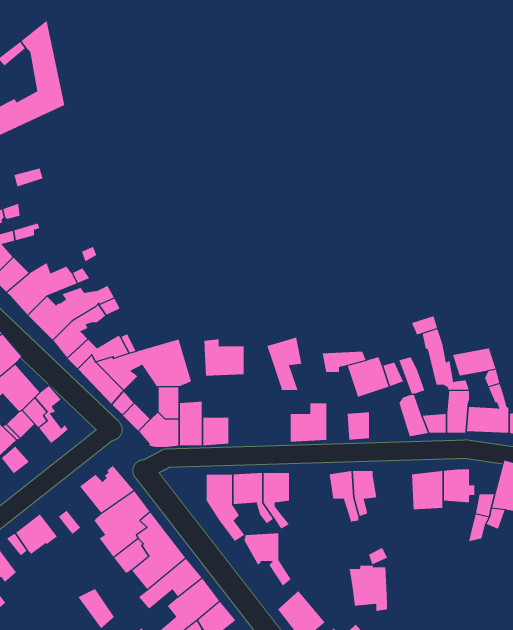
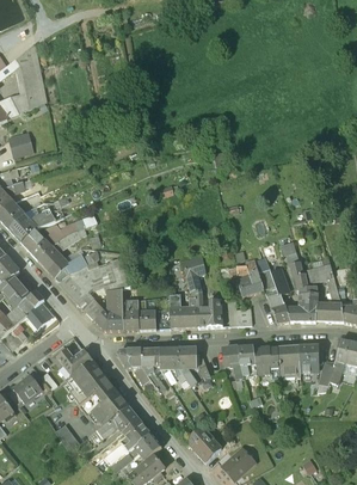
building: [203,339,244,376] -> [170,302,197,327]
building: [243,533,292,586] -> [117,348,149,383]
building: [349,565,388,611] -> [253,346,279,377]

